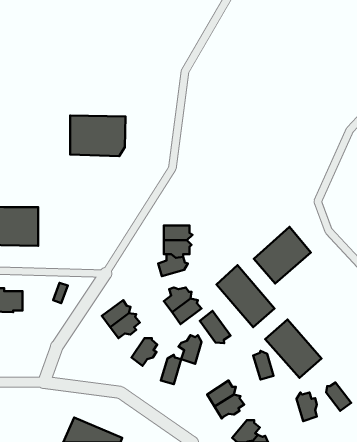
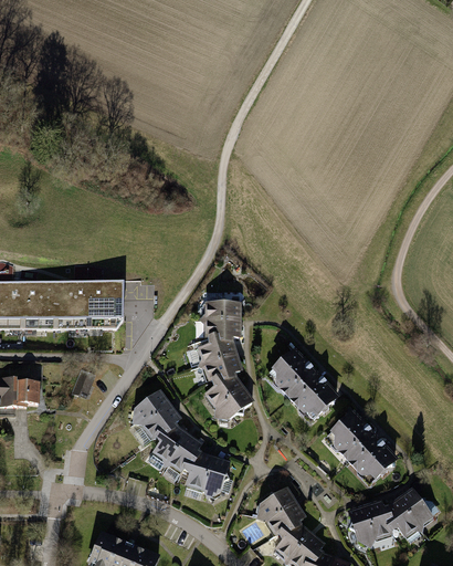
building: [70,116,126,156] -> [56,281,123,329]
building: [254,227,311,284] -> none
building: none -> [204,356,240,380]
building: [200,311,231,343] -> none
building: none -> [154,428,183,461]
building: [179,335,202,364] -> [183,454,211,489]
building: [253,351,274,380] -> [349,507,373,542]
building: none -> [388,502,418,535]
building: none -> [276,525,306,557]

